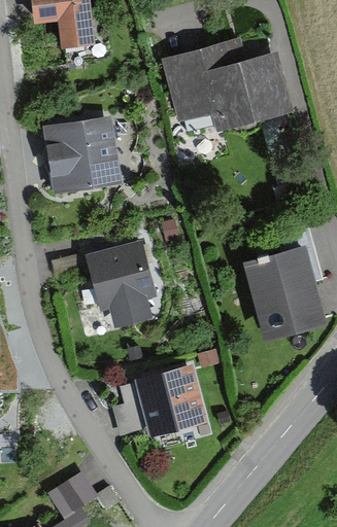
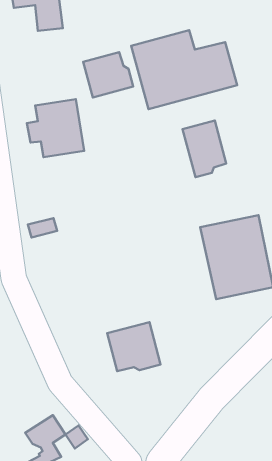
building: none -> [83,52,133,98]
building: none -> [183,120,226,177]
building: [91,245,149,321] -> none

